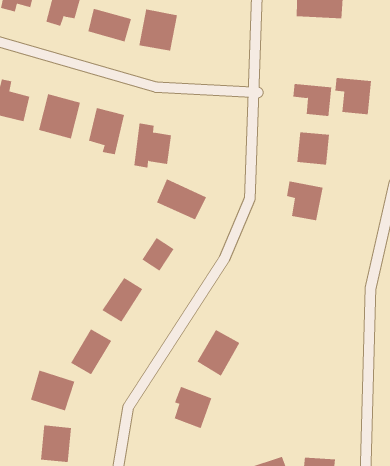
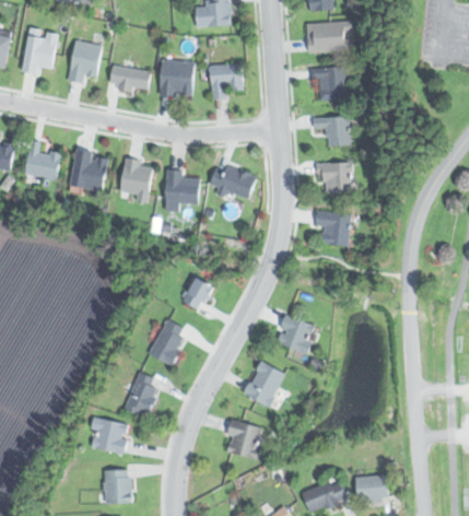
building: none -> [211,63,242,98]
building: [334,77,372,115] -> [310,68,345,101]
building: [156,179,207,220] -> [209,163,257,200]
building: none -> [275,314,316,354]

